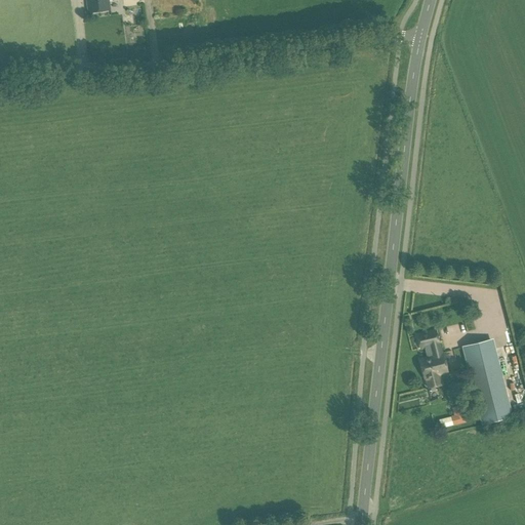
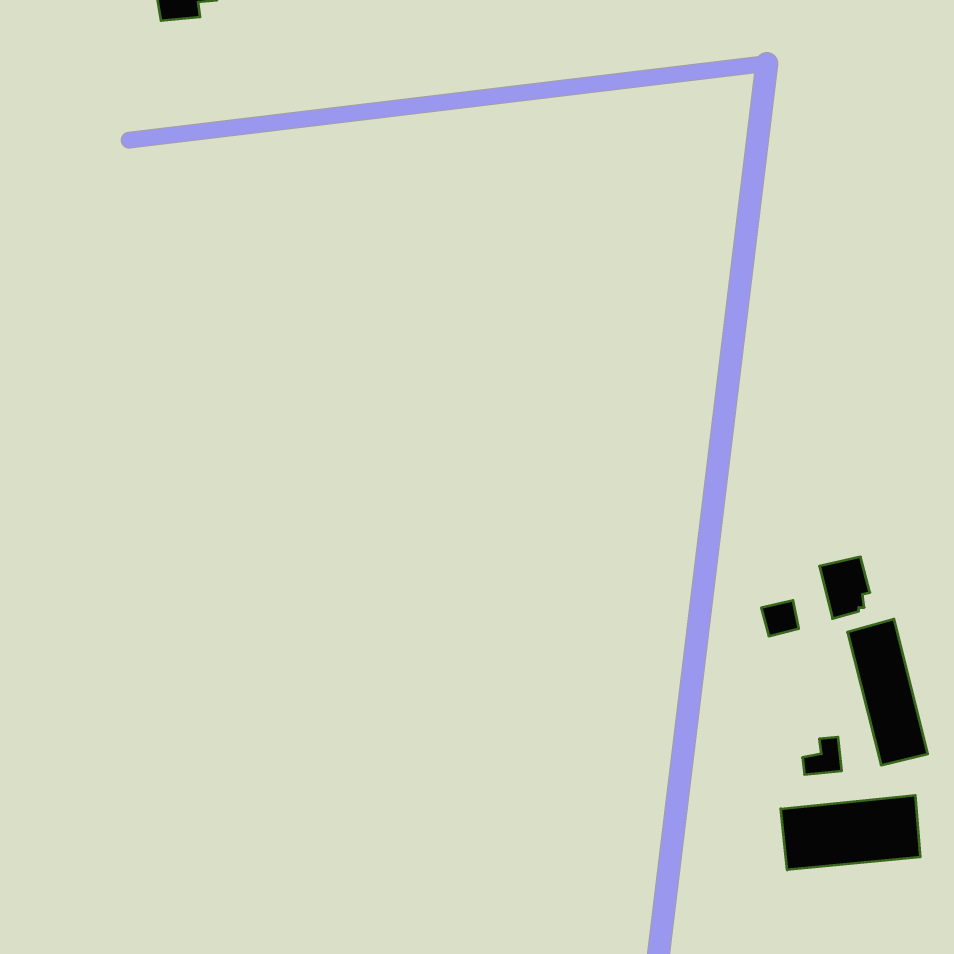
building: [420,353,448,387] -> [819,557,870,619]
building: none -> [781,795,920,870]

